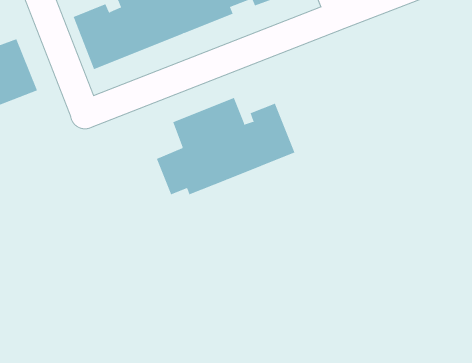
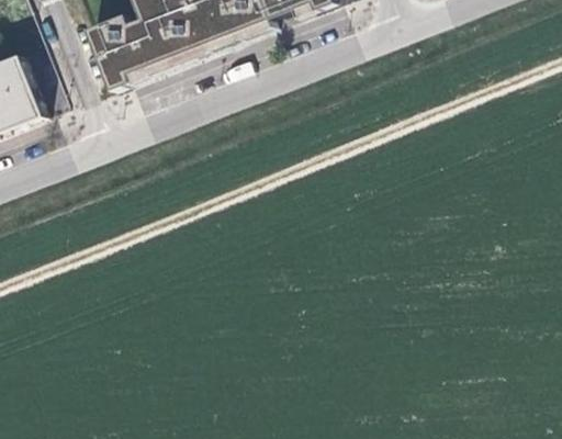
building: [156,97,295,195] -> none

